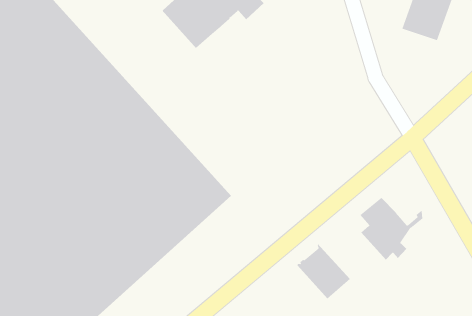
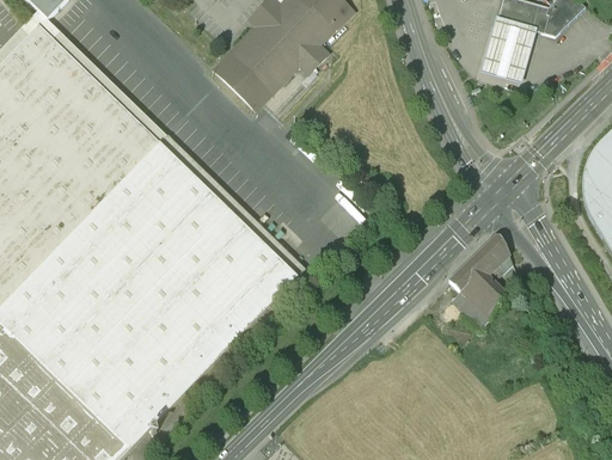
building: none -> [470,234,508,274]
building: [296,243,351,300] -> none

